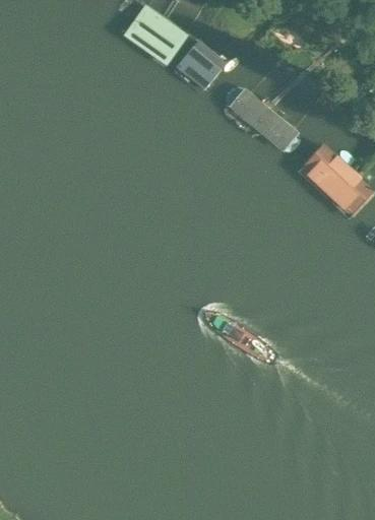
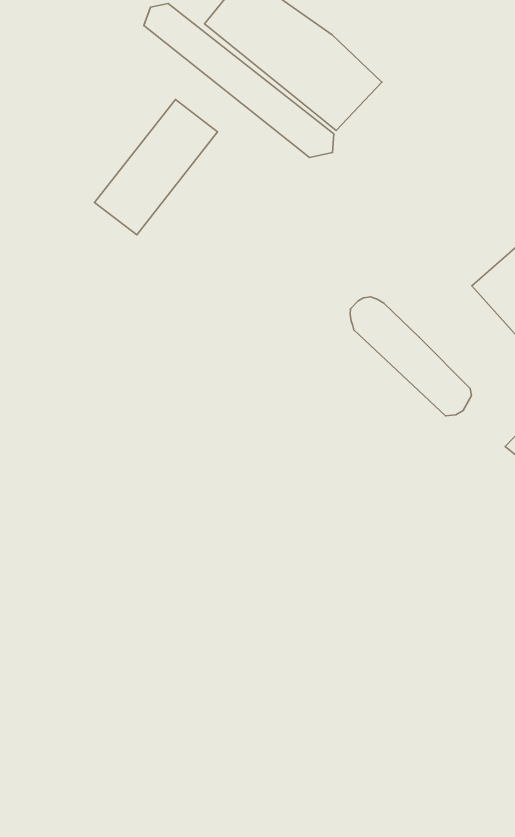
building: none -> [94,99,218,235]
building: [226,85,301,151] -> [350,297,471,416]

